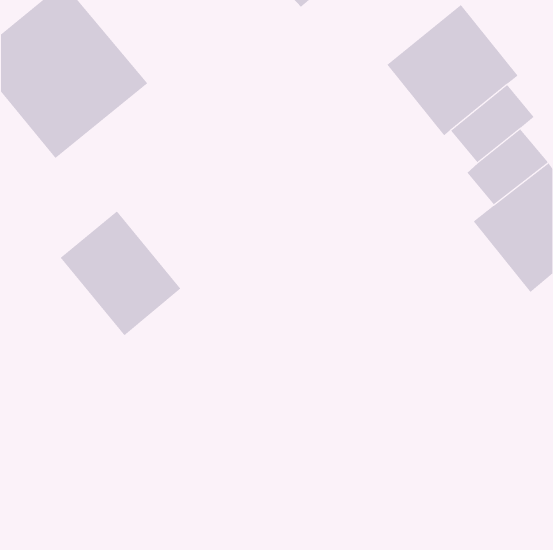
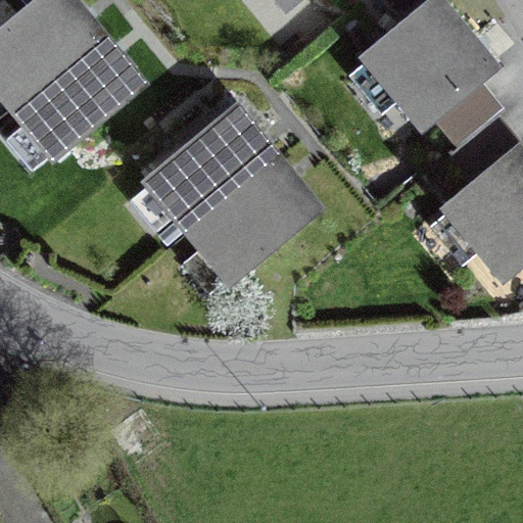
building: none -> [149,108,314,274]
building: [60,210,181,336] -> none

